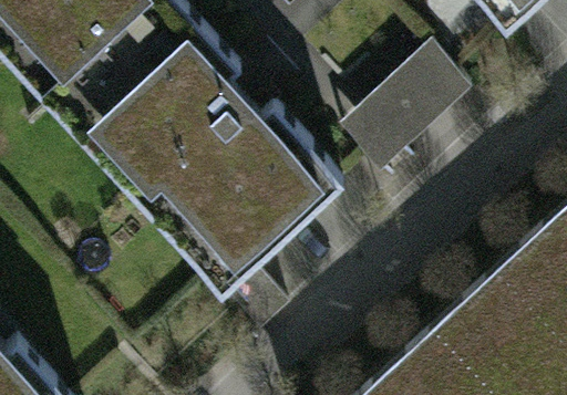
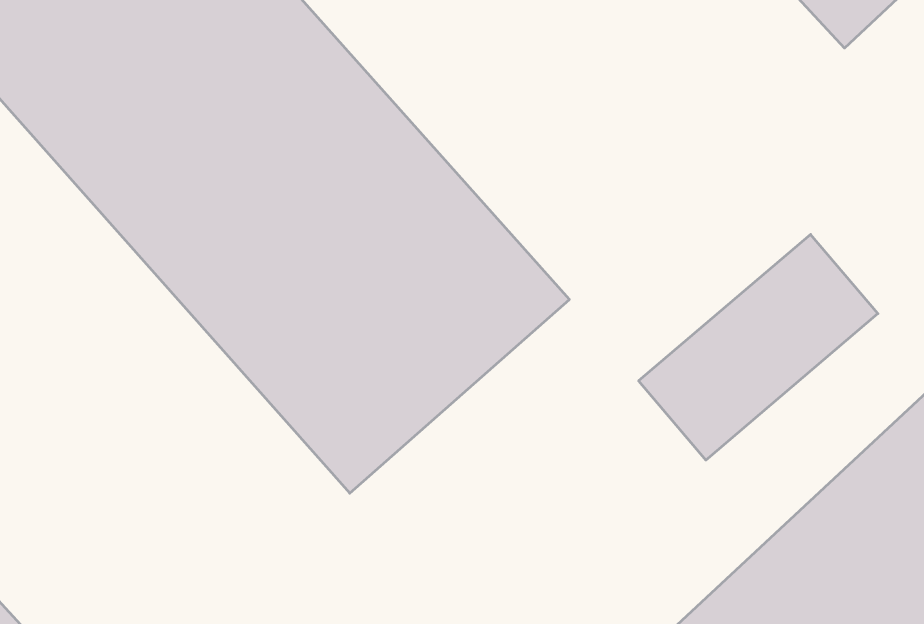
building: [336,41,470,167] -> [639,234,878,460]

